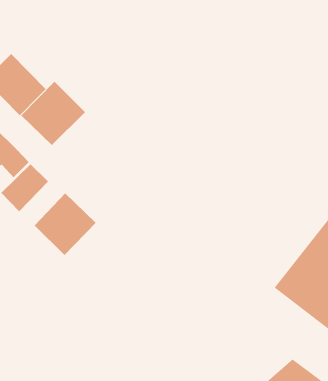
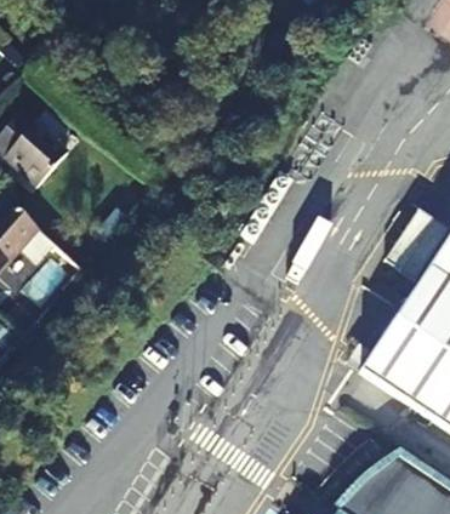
building: [21,81,86,146] -> none
building: [34,193,97,256] -> none

